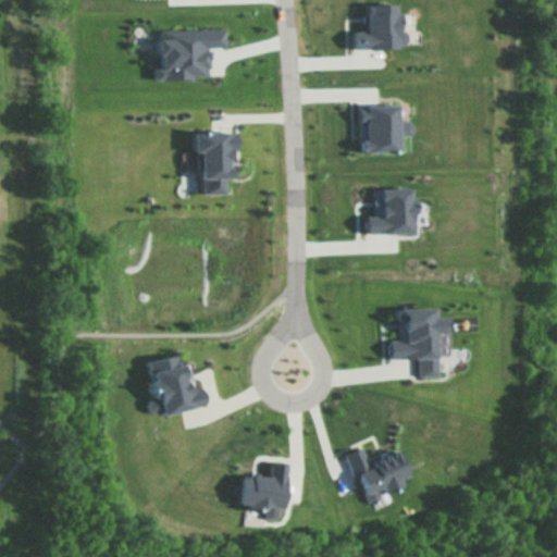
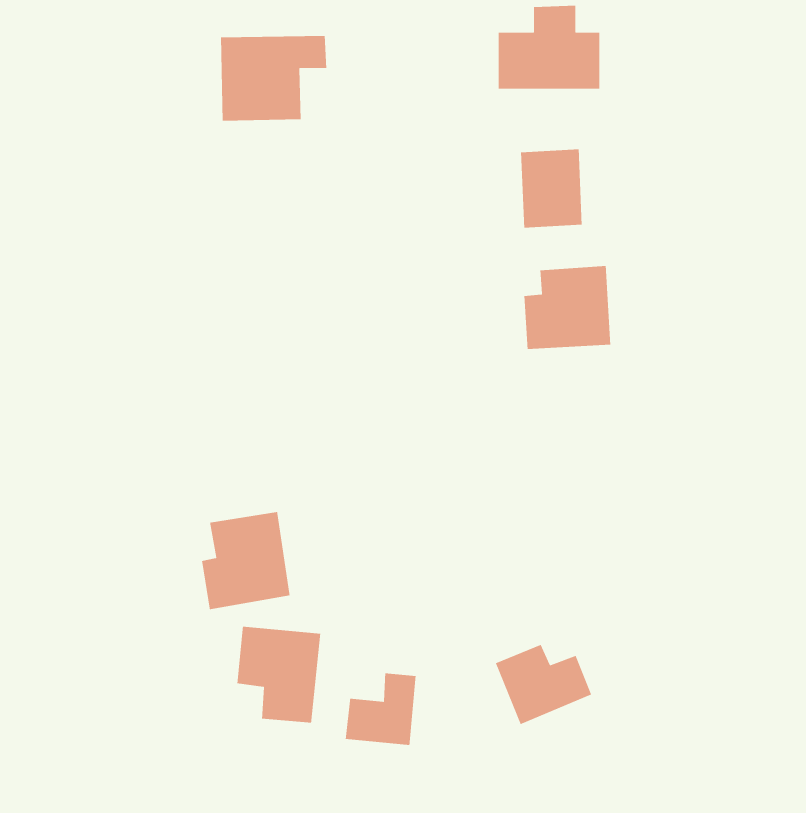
building: [195,125,235,199] -> none
building: [387,310,449,382] -> none
building: none -> [236,626,321,724]

